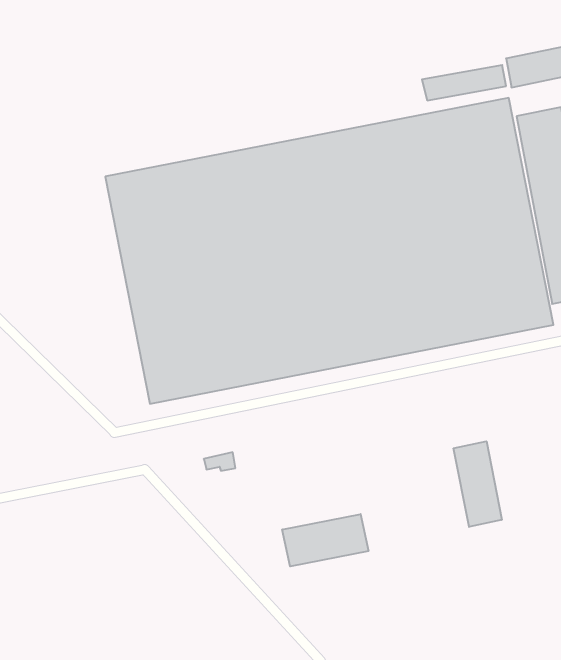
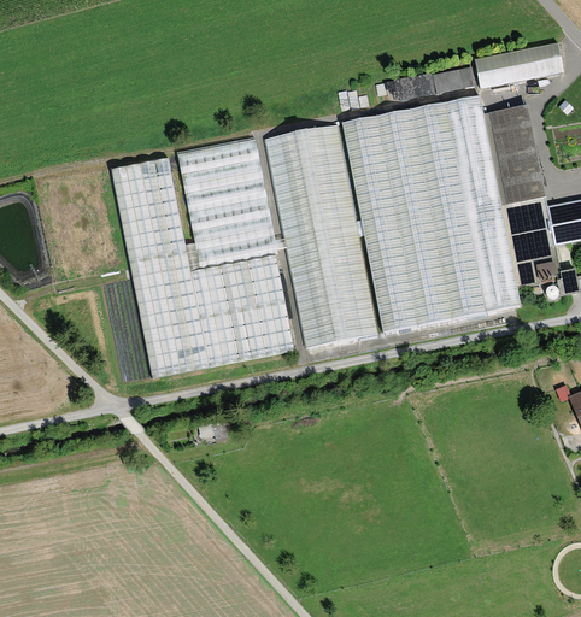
building: [454,441,502,527] -> none
building: [282,514,368,566] -> none

